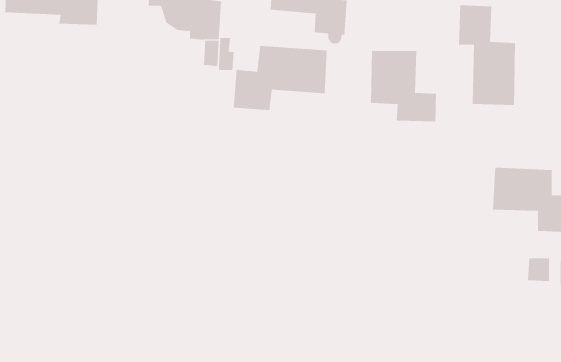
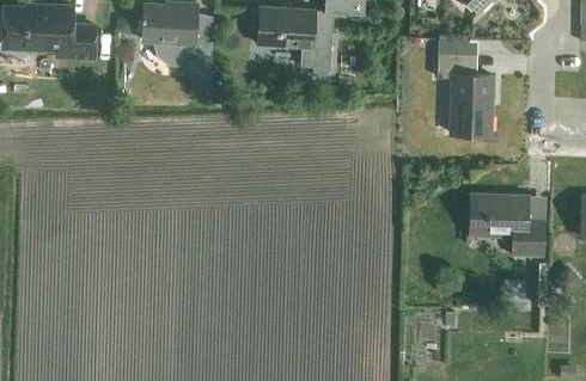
building: [233,45,327,111] -> none
building: [371,50,437,122] -> none

